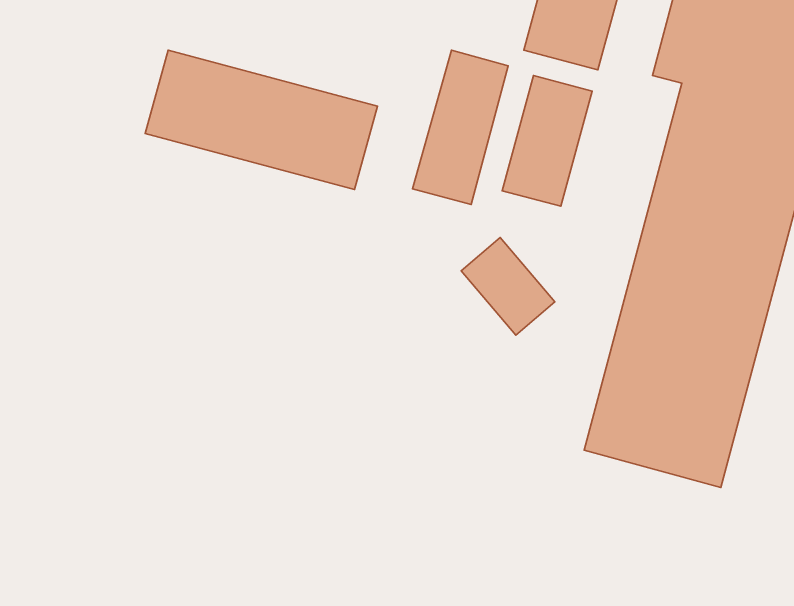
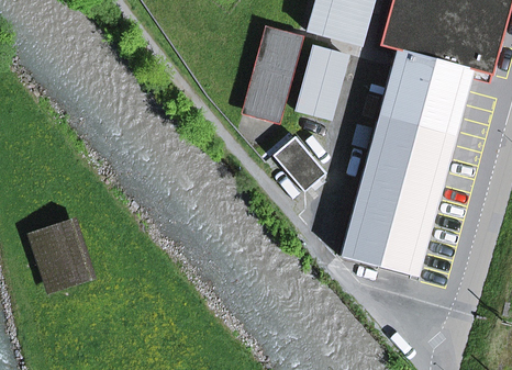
building: [145,50,378,189] -> none
building: none -> [34,223,89,288]

